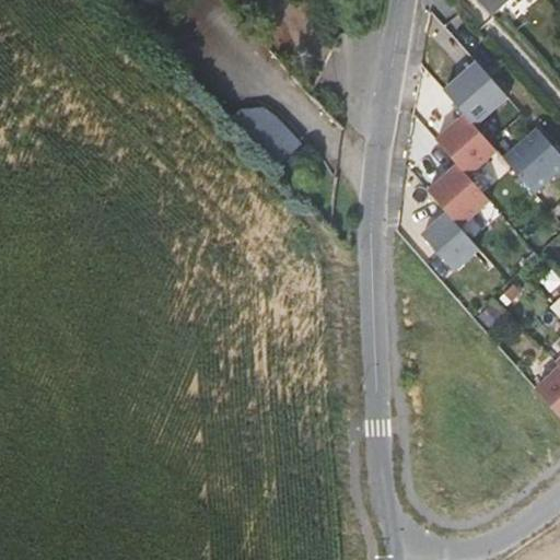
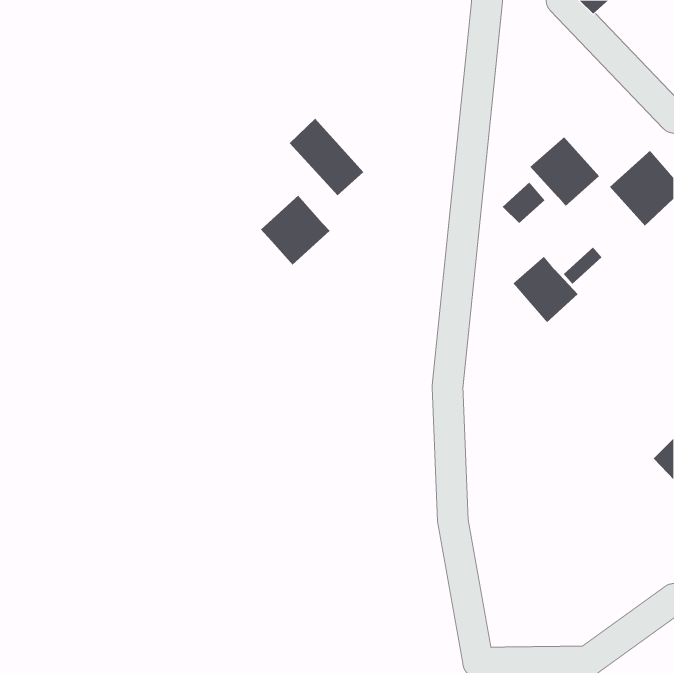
building: [444,62,508,127] -> none
building: none -> [260,195,330,265]
building: [430,166,488,225] -> none

